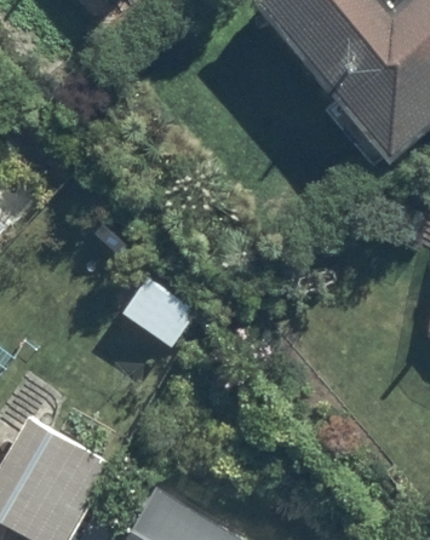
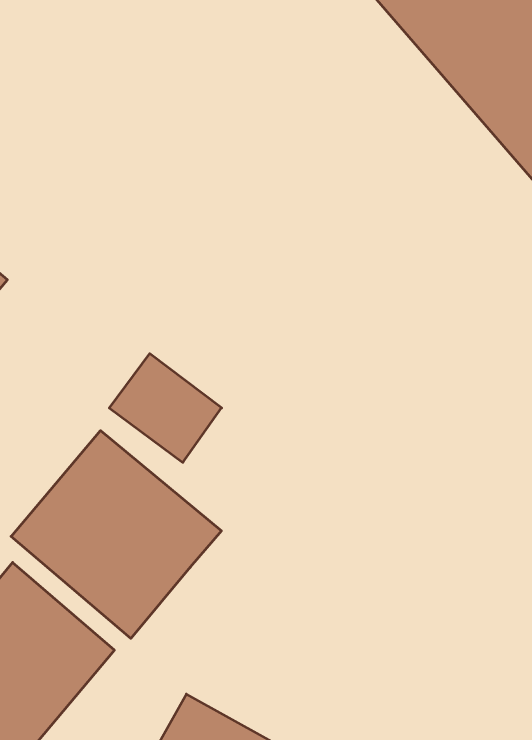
building: none -> [11,431,221,638]

